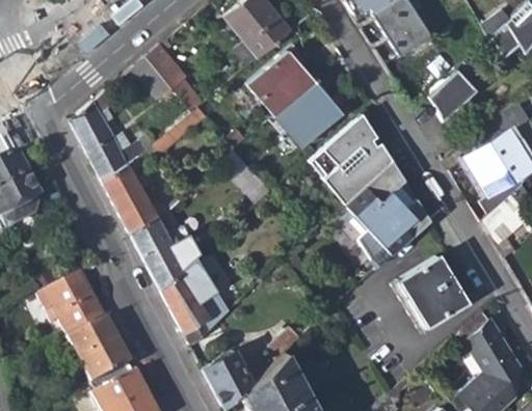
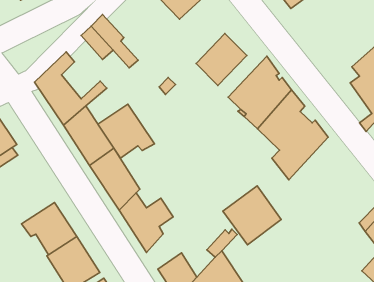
building: [249,51,315,115] -> none
building: [424,73,474,125] -> none
building: none -> [98,104,154,158]
building: [394,256,466,329] -> [223,186,281,245]

